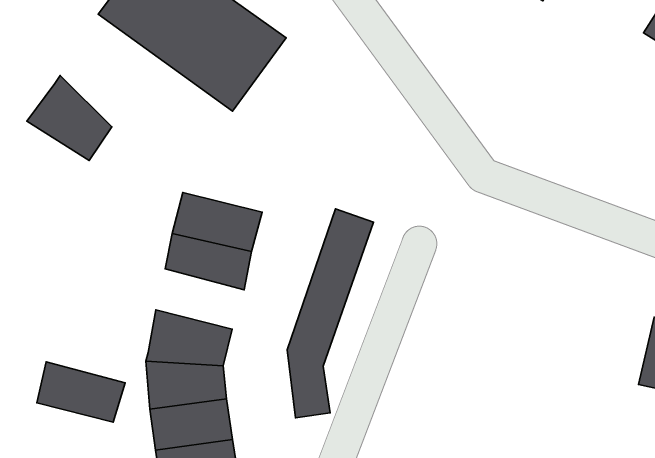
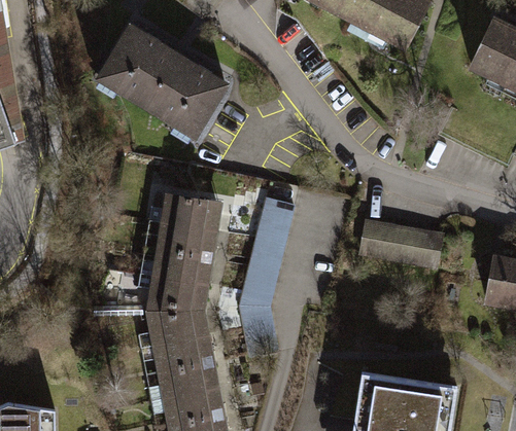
building: [27,75,112,160] -> none
building: none -> [360,220,443,268]
building: [37,362,125,422] -> [149,250,209,288]

